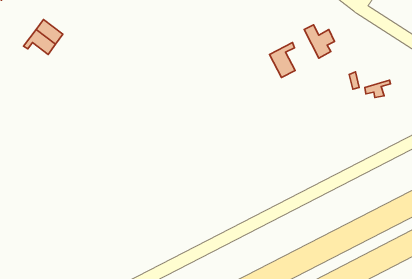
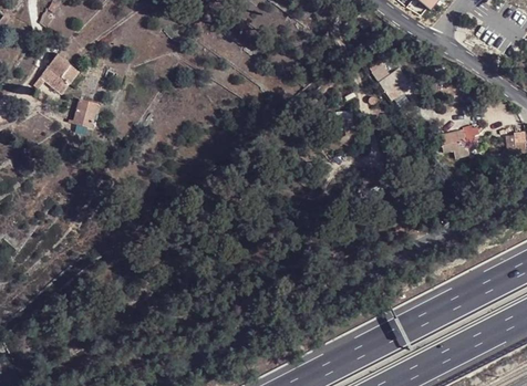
building: [270,42,295,77] -> none
building: none -> [72,101,97,128]

